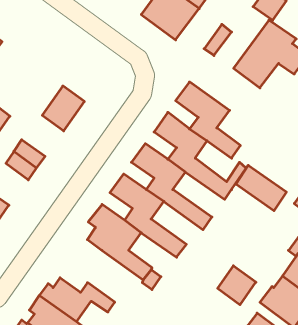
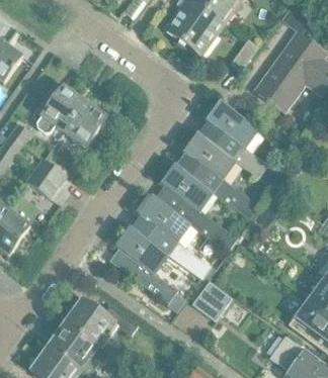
building: none -> [35,86,84,132]
building: [236,165,286,211] -> none
building: [218,266,256,305] -> [191,281,231,321]

